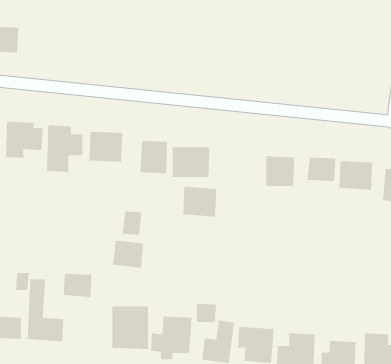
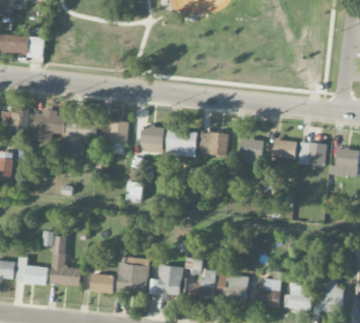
building: [182,186,217,217] -> [199,131,227,156]
building: [113,240,144,268] -> none
building: [63,273,92,298] -> [89,274,113,293]

